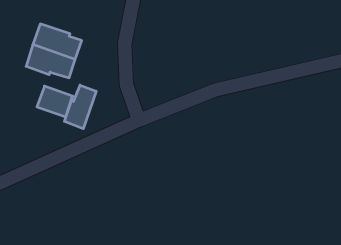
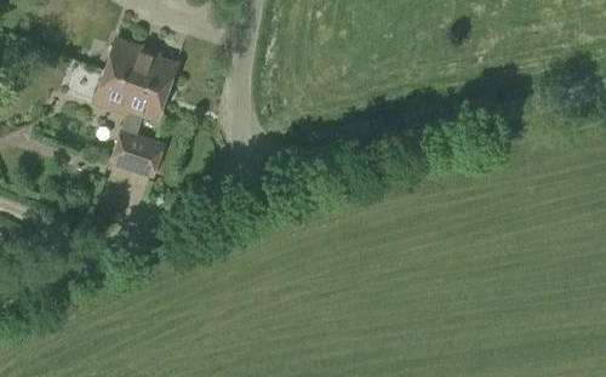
building: [64,85,96,129] -> none

